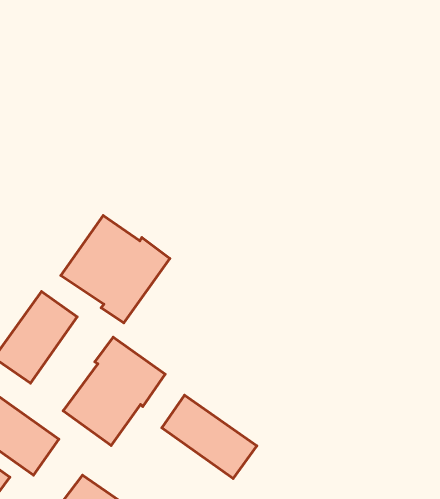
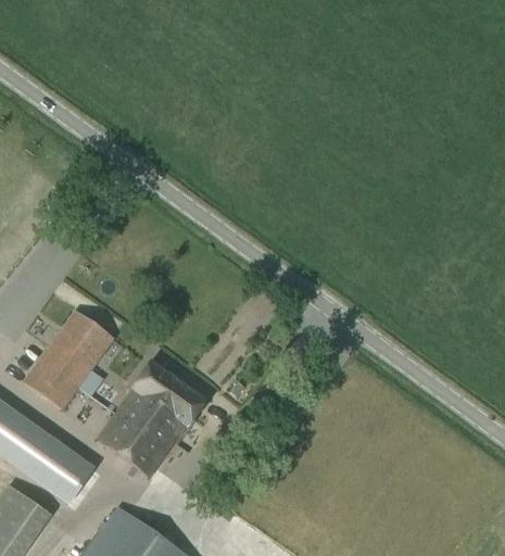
building: [61,215,170,323] -> none
building: [162,395,257,478] -> none

